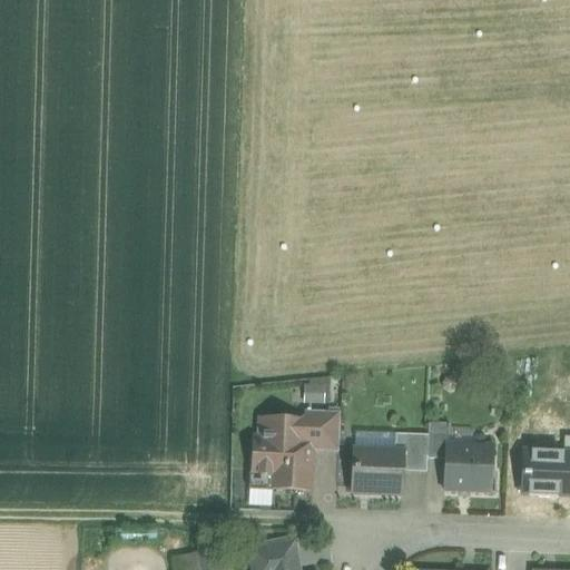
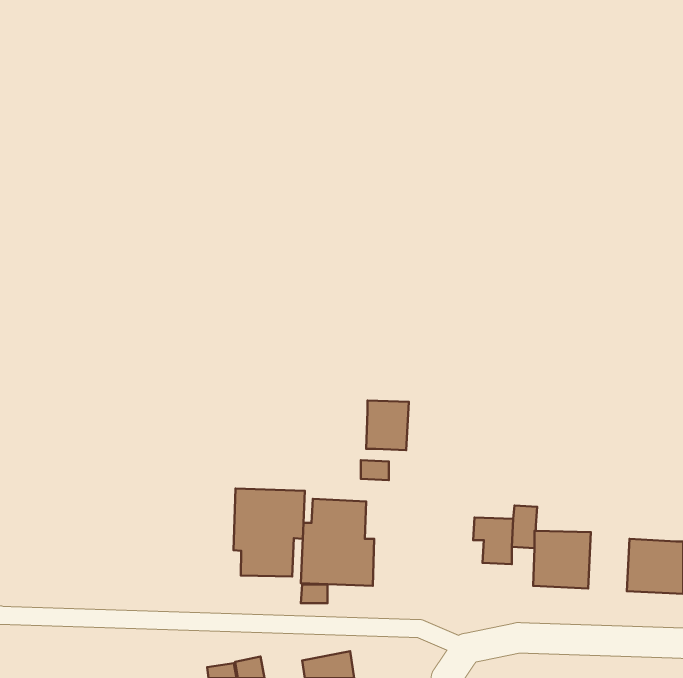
building: none -> [234,488,305,577]
building: [304,409,340,450] -> [366,401,409,450]
building: [352,448,403,491] -> none

